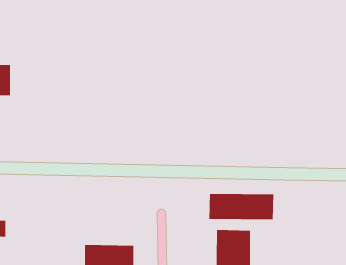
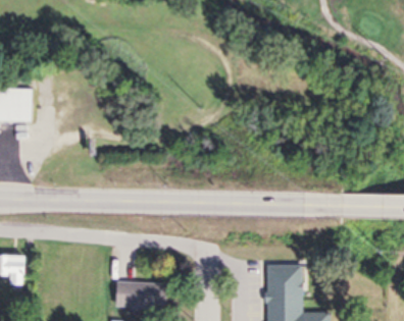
building: [209,193,274,220] -> none

